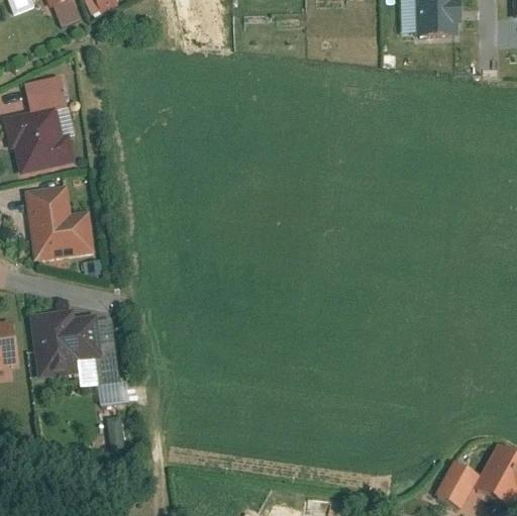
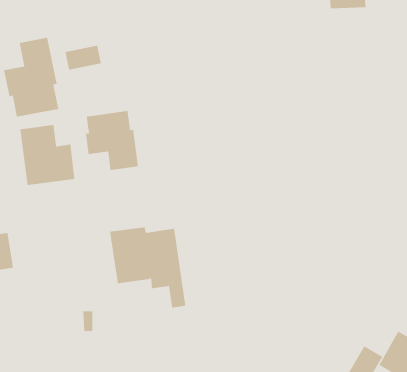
building: none -> [65,45,101,71]
building: none -> [85,110,138,171]
building: [28,307,124,409] -> [109,227,186,308]

